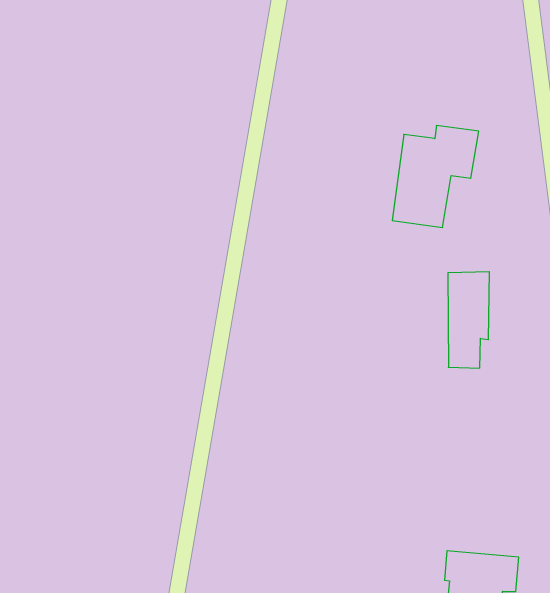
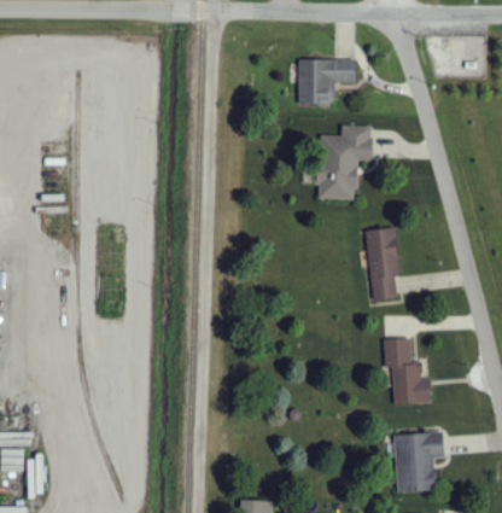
building: none -> [299,60,355,104]
building: none -> [385,338,432,406]

